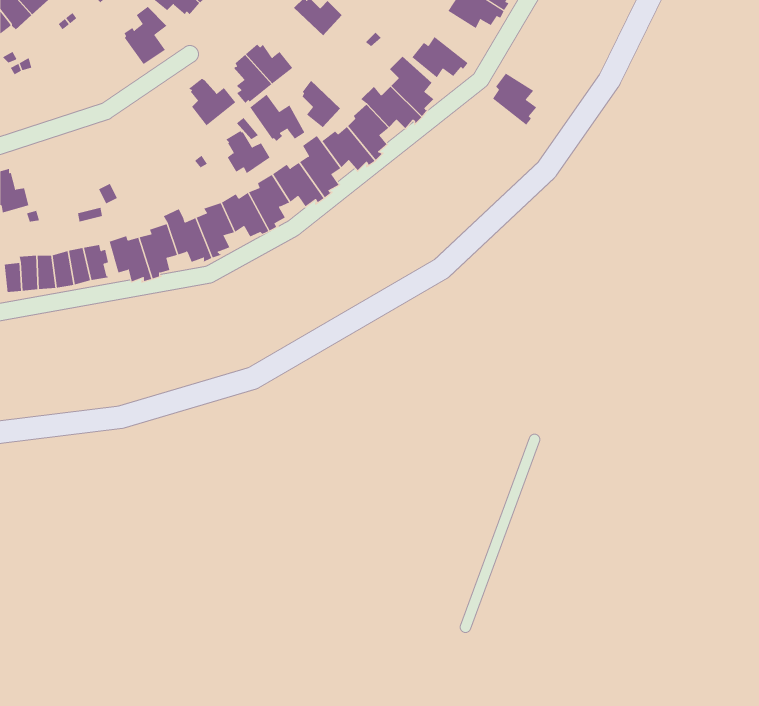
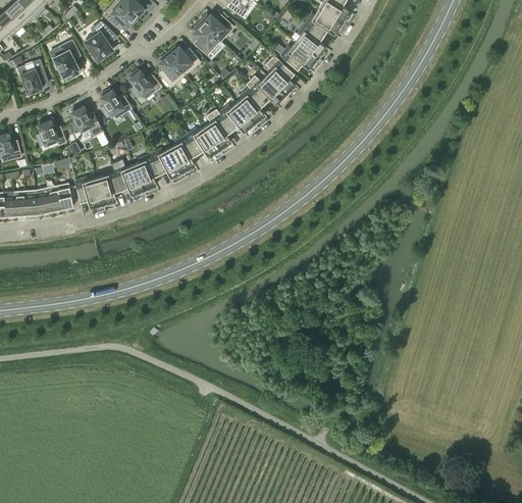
building: none -> [53,40,80,80]
building: none -> [16,58,45,94]
building: [492,73,537,125] -> [296,23,326,59]
building: [302,80,341,128] -> [194,21,220,54]
building: [249,94,305,142] -> none
building: none -> [70,104,103,137]
building: [225,130,270,174] -> [100,89,130,118]
building: none -> [36,118,65,146]

